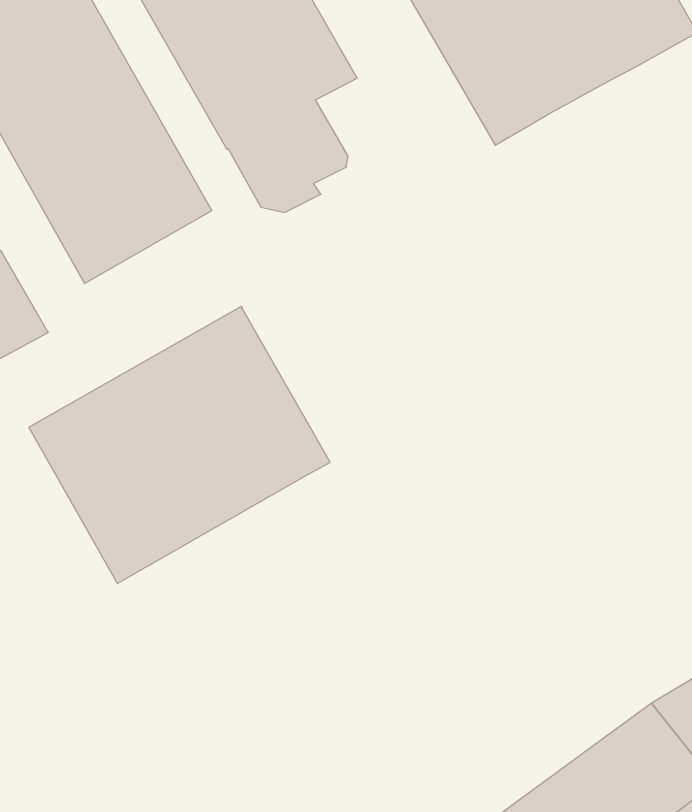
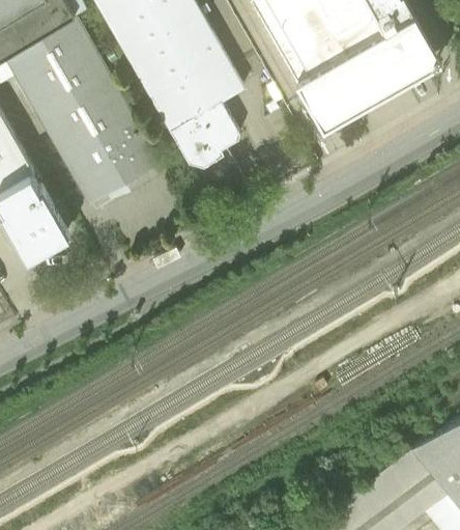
building: [29,306,330,584] -> none

